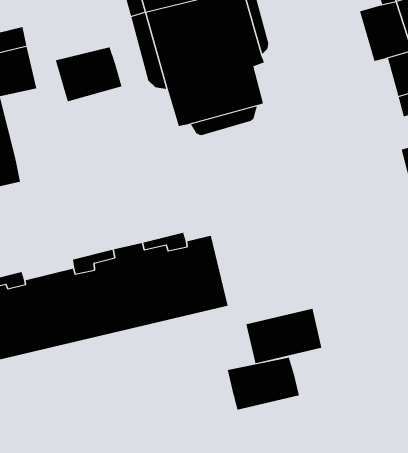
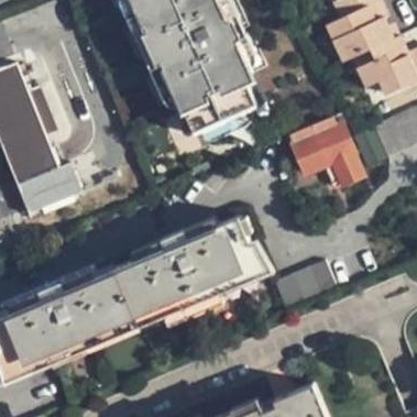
building: [55,47,122,102] -> none
building: none -> [289,119,362,182]
building: [227,357,299,410] -> none

